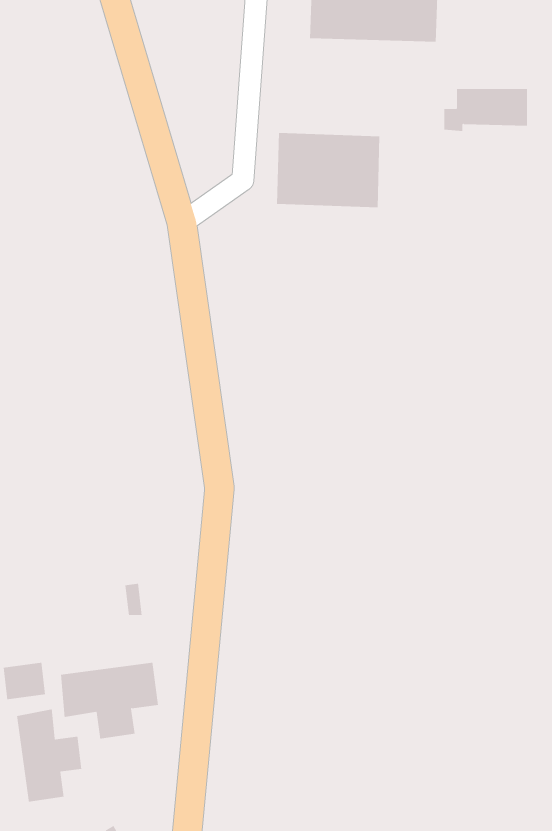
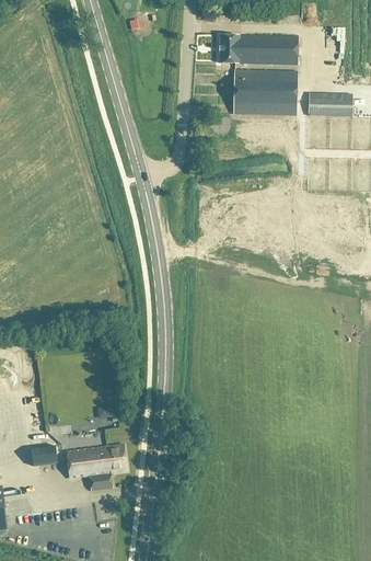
building: [276,133,380,208] -> [232,69,295,115]
building: [16,709,82,803] -> none

